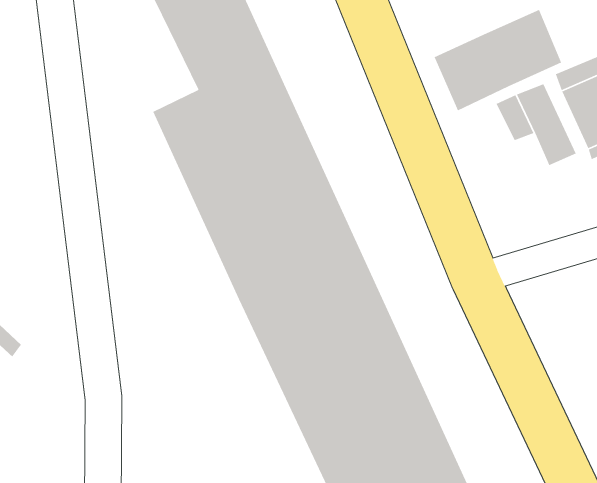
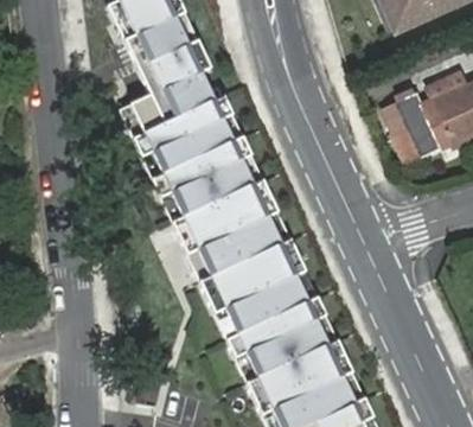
building: [434,9,562,112] -> none

